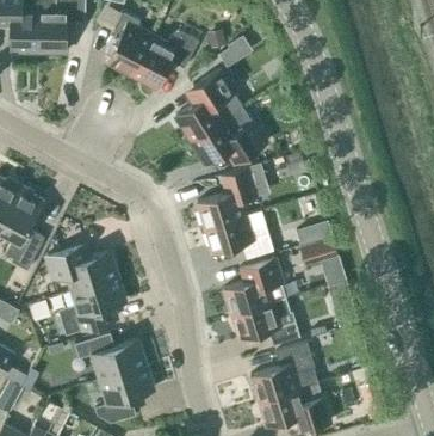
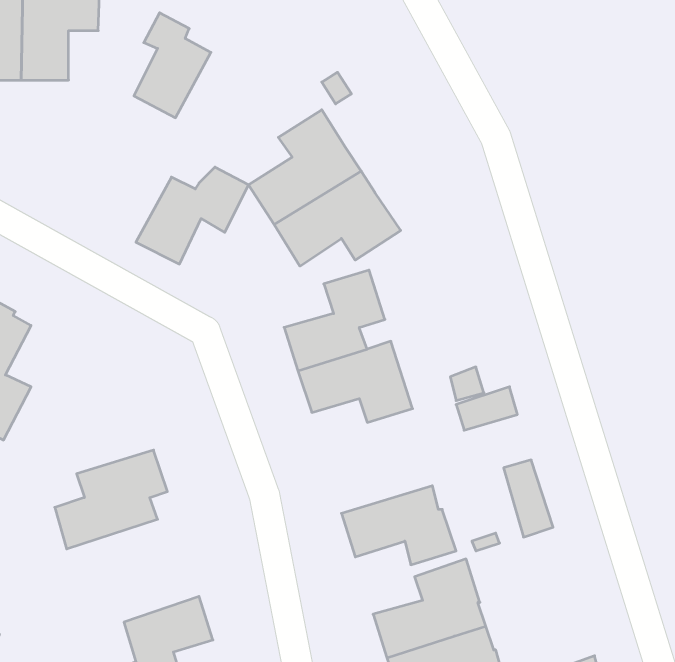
building: [131,30,199,88] -> [136,167,249,264]
building: [48,245,118,290] -> none
building: [224,257,286,314] -> none
building: [75,333,145,380] -> none

